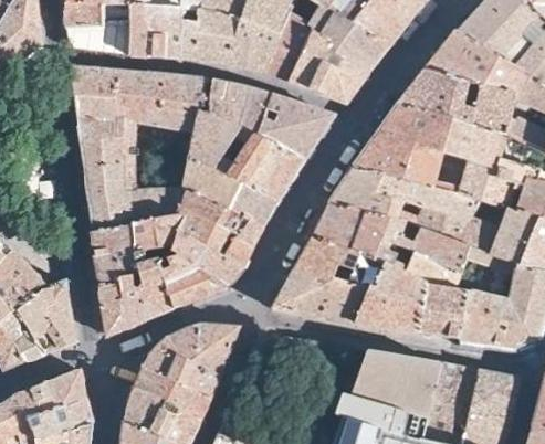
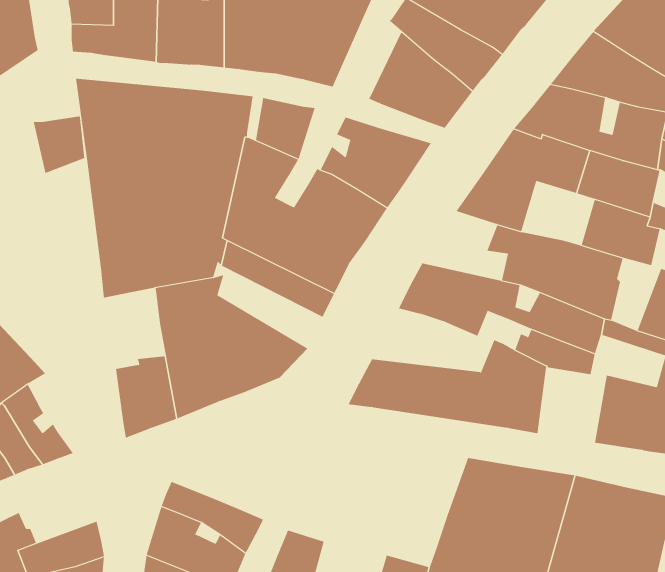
building: [264,12,315,81] -> none
building: [232,87,273,144] -> none
building: none -> [33,116,85,174]
building: [406,142,447,187] -> none
building: [331,165,395,216] -> none
building: [175,203,256,267] -> none
building: [92,222,138,283] -> none
building: [293,237,397,285] -> none
building: [35,281,77,346] -> none
building: [418,282,469,338] -> none
building: [143,324,240,395] -> none
building: [29,370,87,413] -> none

